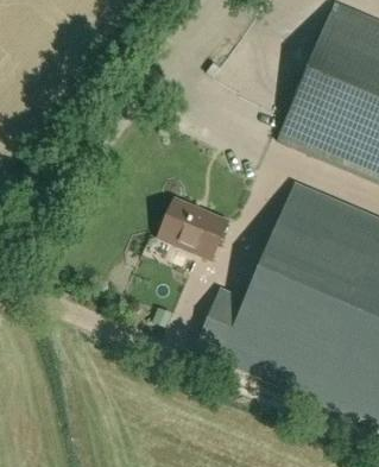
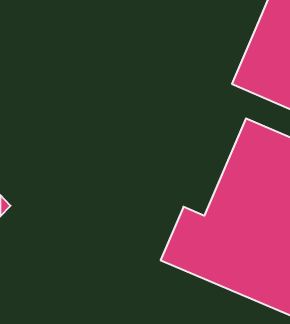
building: [159,196,227,257] -> none

